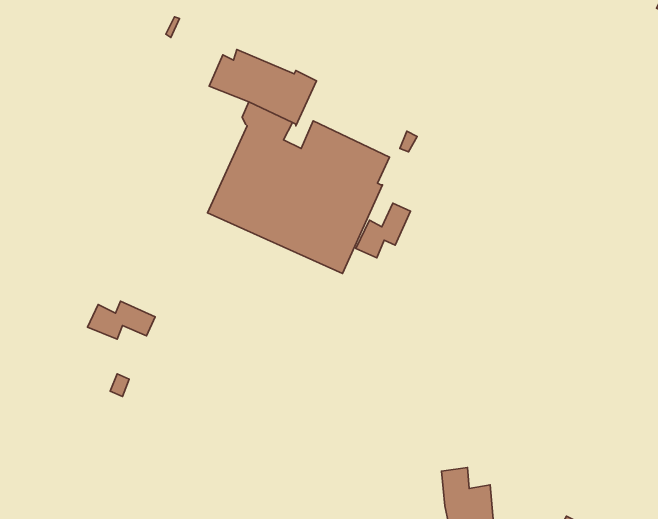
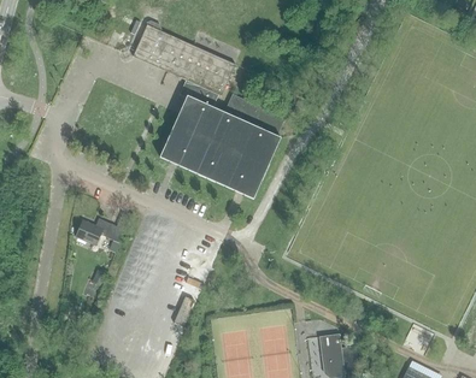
building: none -> [133,22,221,69]
building: [356,203,410,258] -> none

